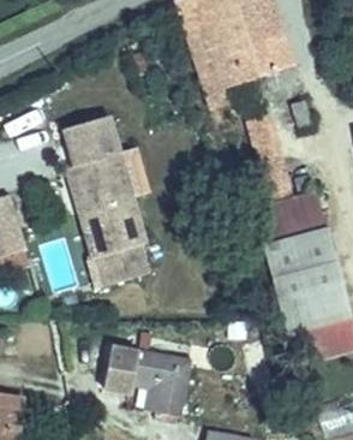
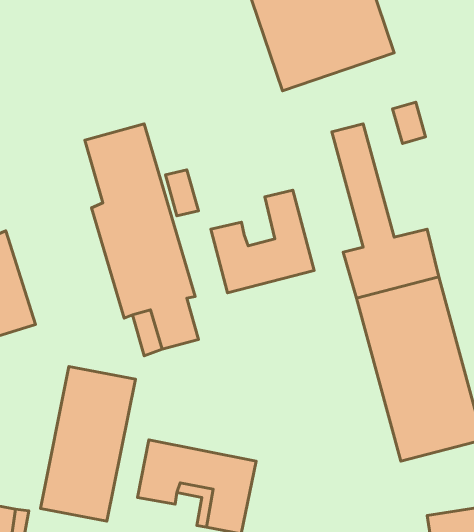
building: none -> [211,190,314,293]
building: none -> [40,367,135,521]

